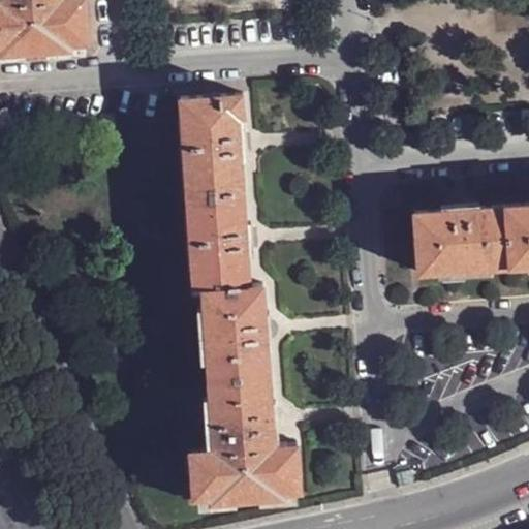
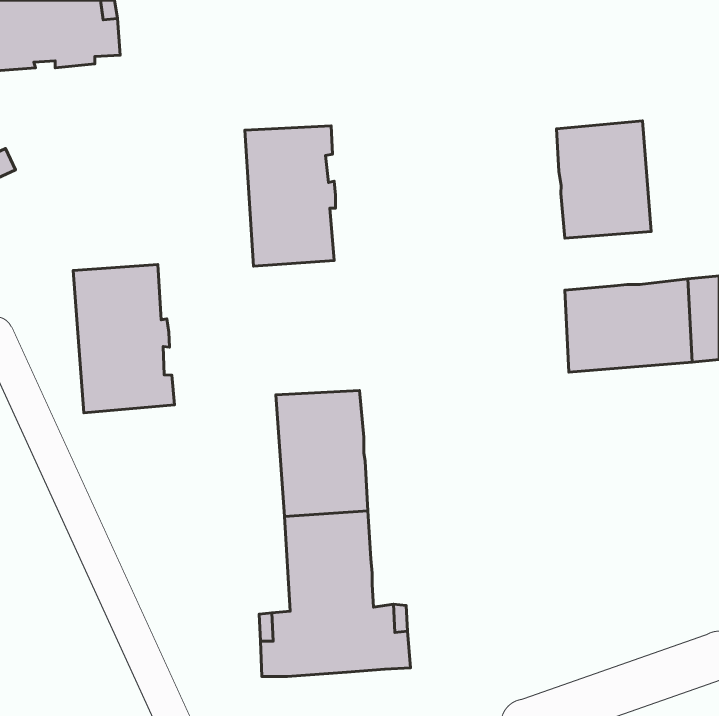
building: none -> [556,121,651,238]
building: [185,195,262,294] -> none
building: none -> [73,265,174,413]

